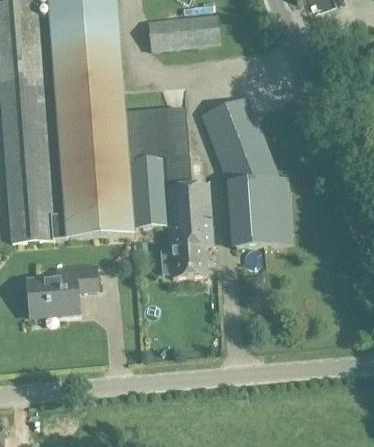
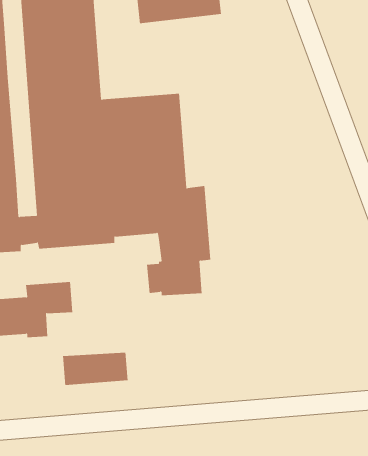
building: [203,96,293,247] -> none
building: none -> [62,352,128,386]

